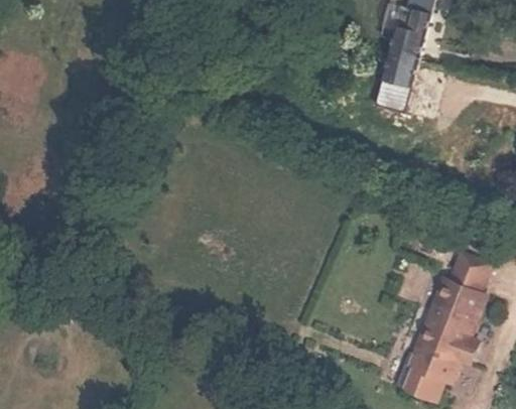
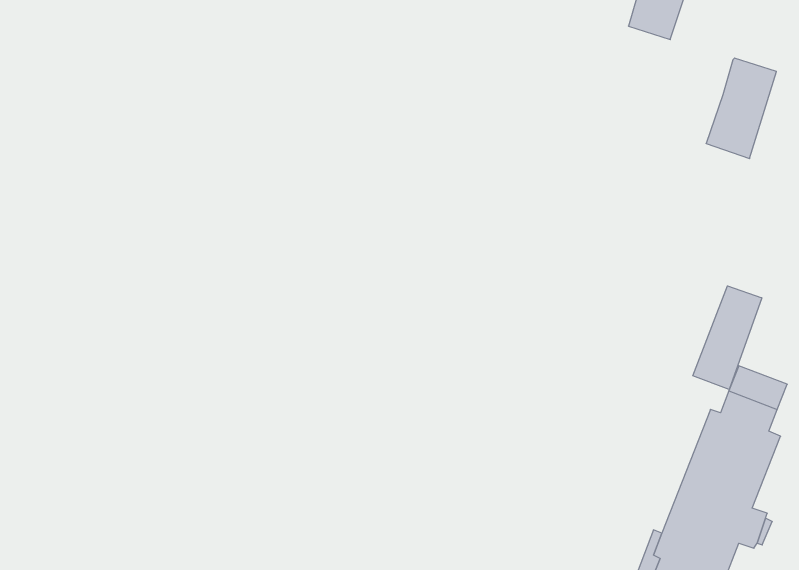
building: [376,47,418,108] -> [706,58,776,159]
building: none -> [693,286,762,390]

